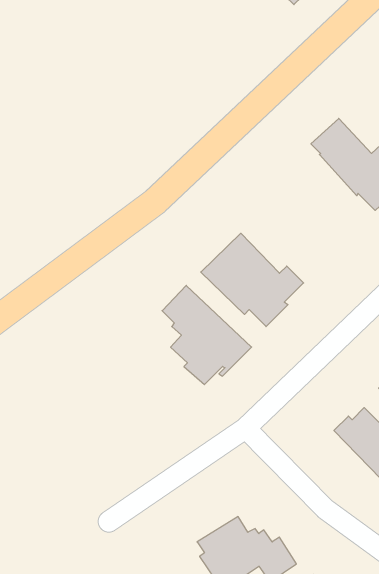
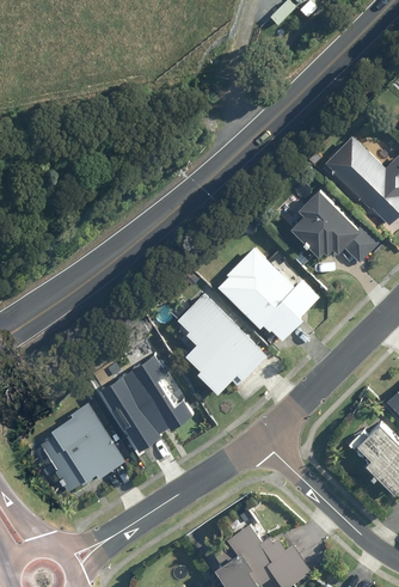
building: none -> [289,183,380,263]
building: none -> [102,356,194,448]
building: none -> [43,403,124,493]

